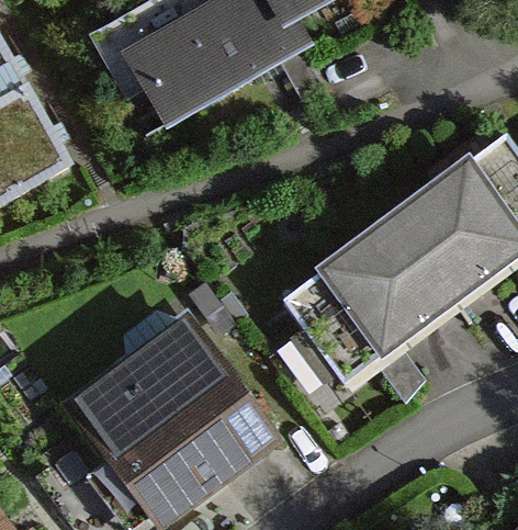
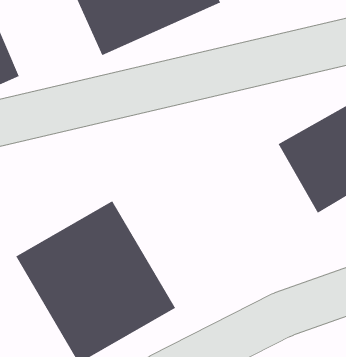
building: [278,218,446,377] -> none

